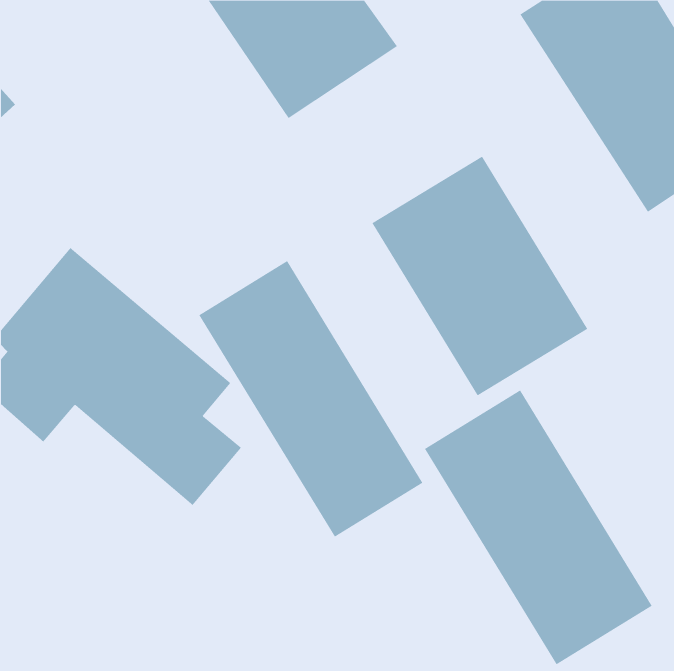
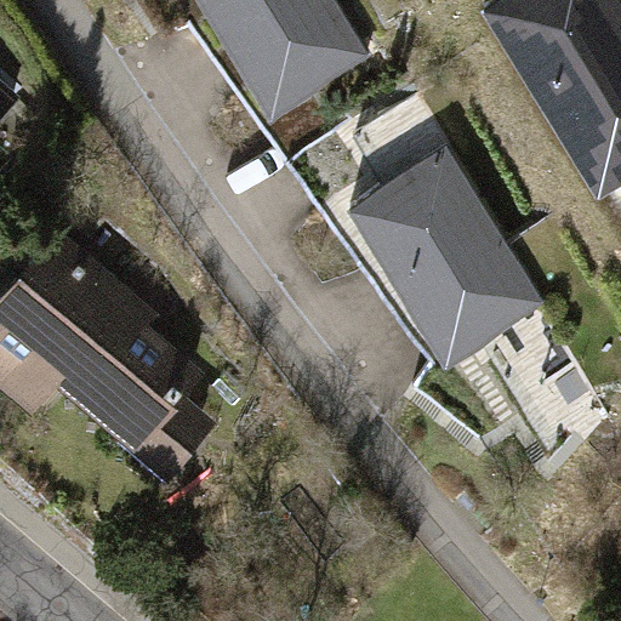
building: [199,260,423,538] -> none
building: [424,390,653,665] -> none

